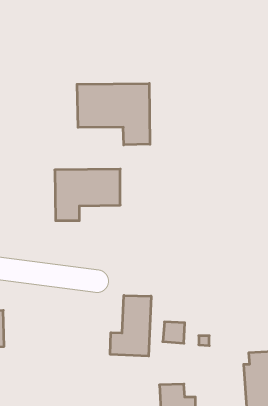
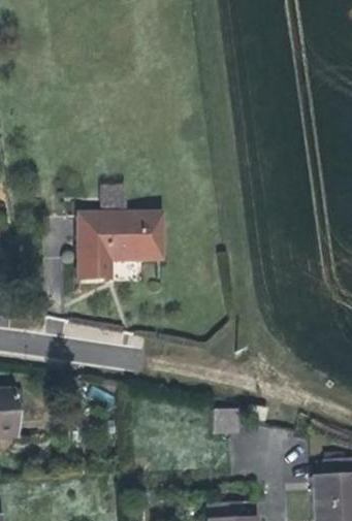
building: [77,83,150,145] -> none
building: [110,295,151,356] -> none

